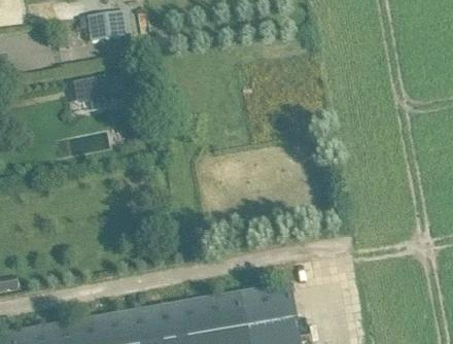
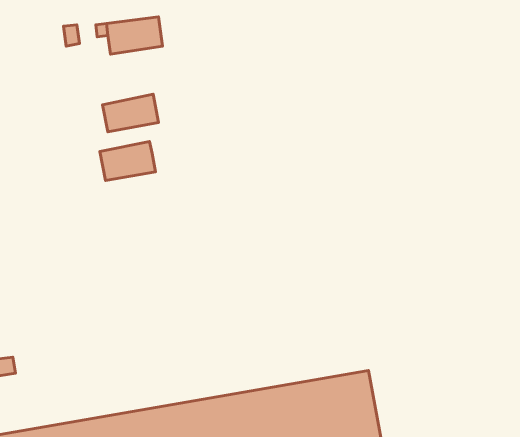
building: none -> [100,142,155,180]

